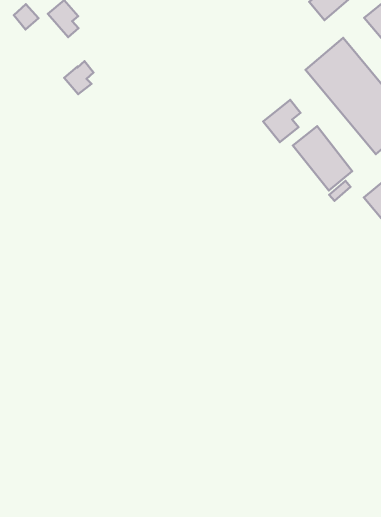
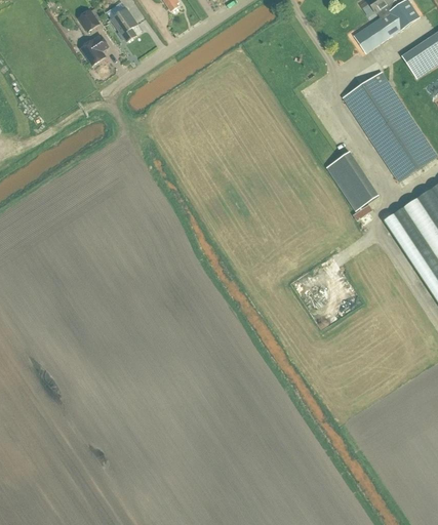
building: [64,61,94,94] -> [80,34,108,64]
building: [263,100,301,142] -> none

